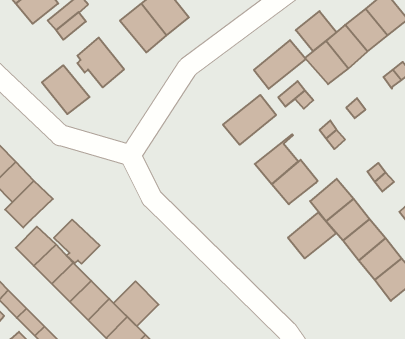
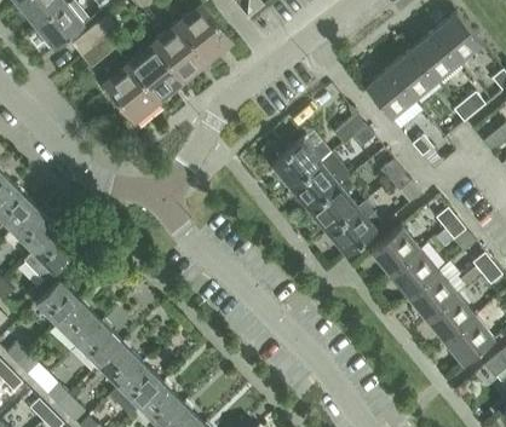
building: [296,11,336,51] -> none
building: [254,40,306,89] -> [291,154,350,209]
building: [42,65,90,114] -> [130,46,184,102]
building: [288,213,336,258] -> none
building: [54,220,100,264] -> none
building: [114,281,159,326] -> none

